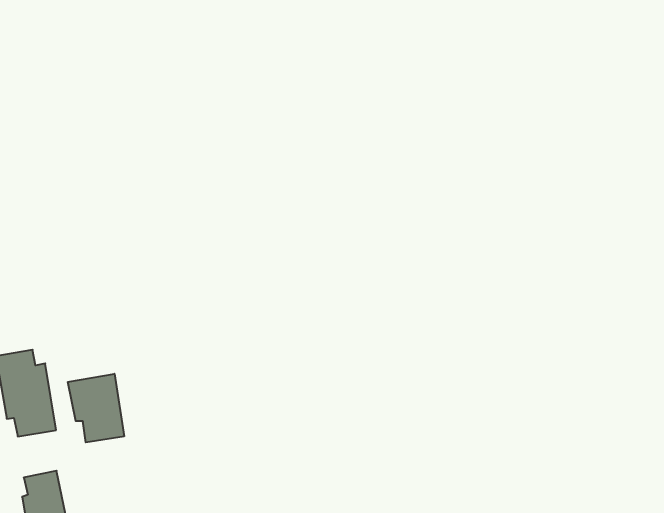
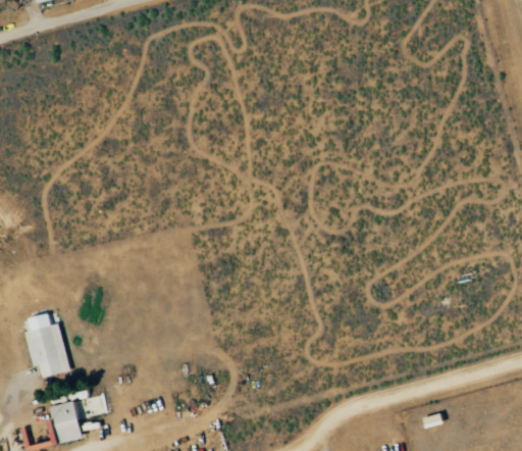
building: [68,374,124,442] -> none

